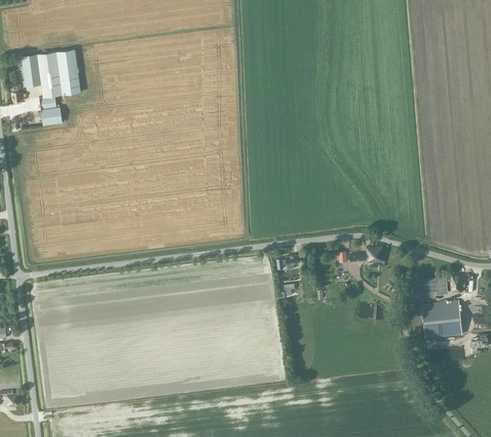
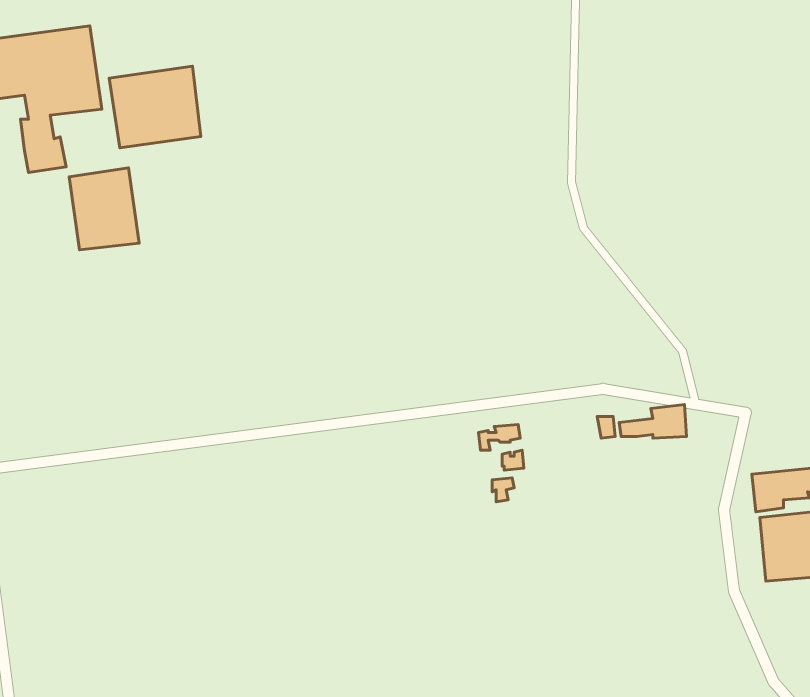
building: none -> [109,66,201,148]
building: none -> [69,168,139,250]

